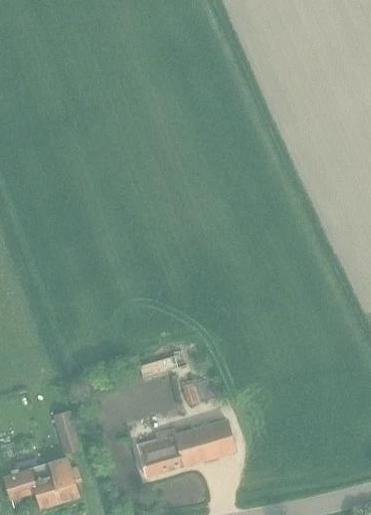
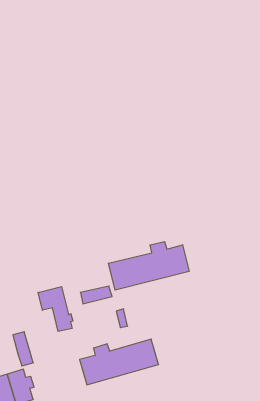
building: none -> [108,242,189,290]
building: none -> [38,287,73,331]

